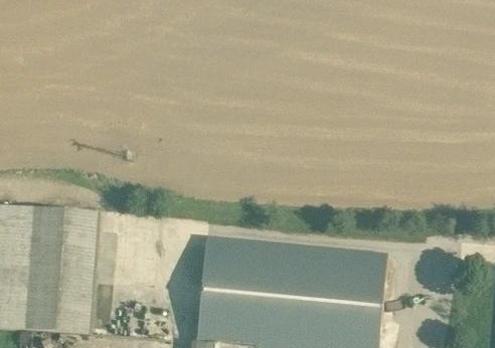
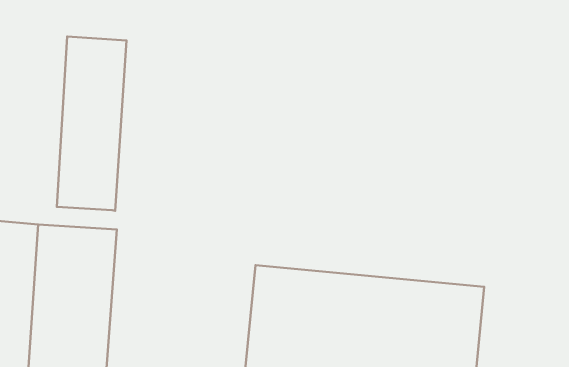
building: none -> [57,36,126,211]

